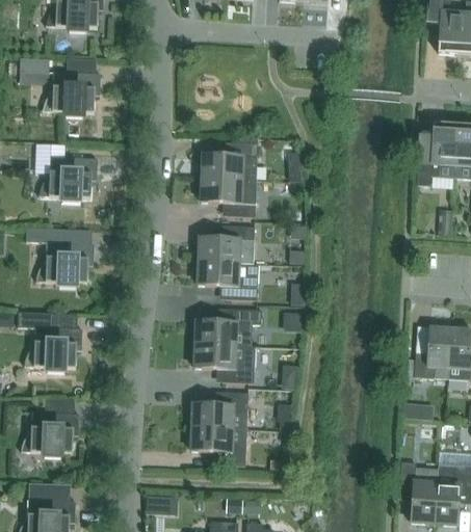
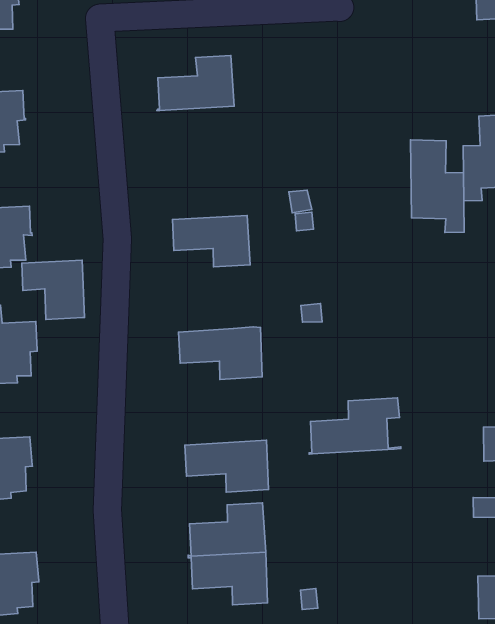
building: none -> [410,140,464,232]
building: [199,141,257,180] -> [157,56,234,111]
building: none -> [22,260,85,319]
building: [195,224,254,262] -> none
building: [192,308,261,346] -> [309,398,401,454]

